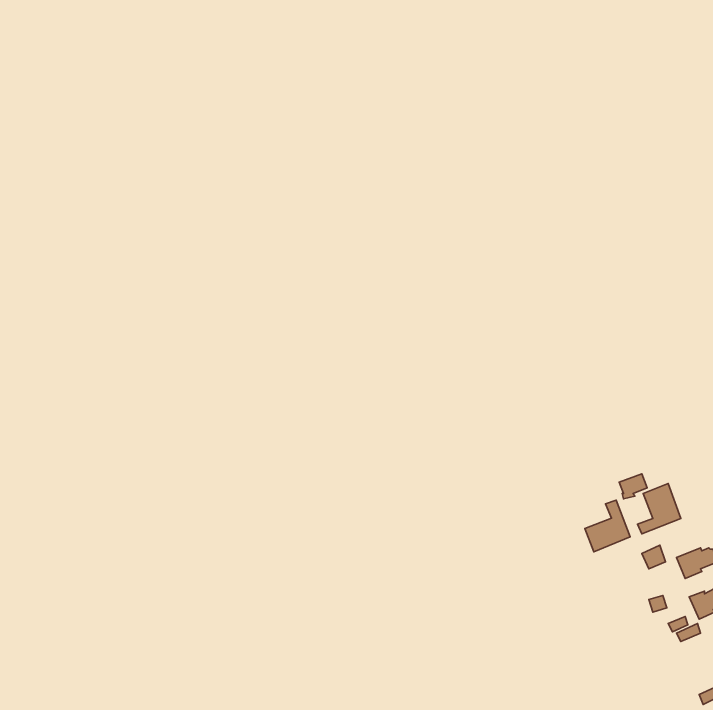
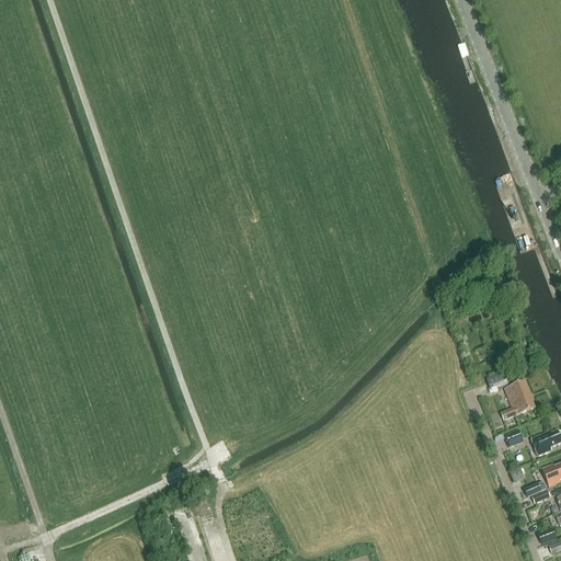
building: [585,500,630,552] -> none

